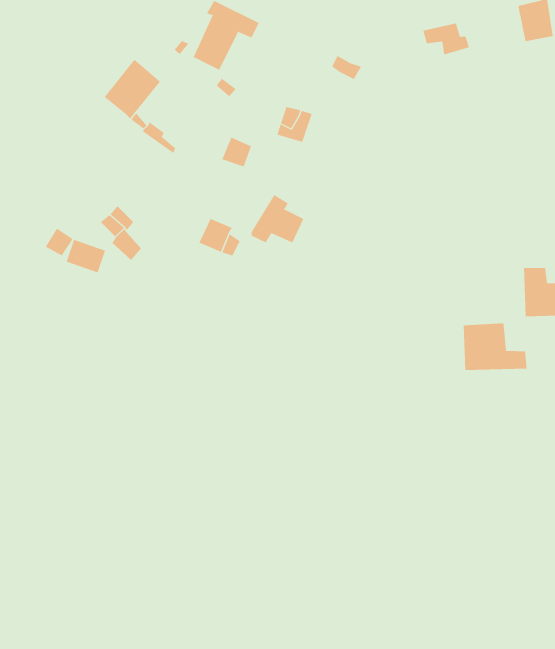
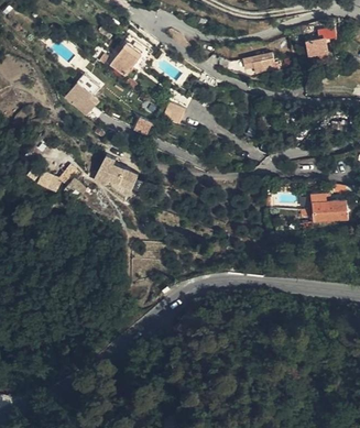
building: [251,194,304,243] -> [97,151,128,179]
building: [463,323,527,371] -> none

